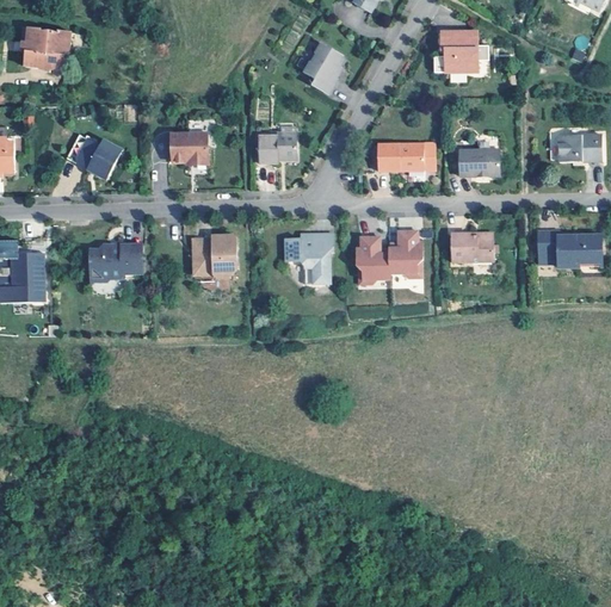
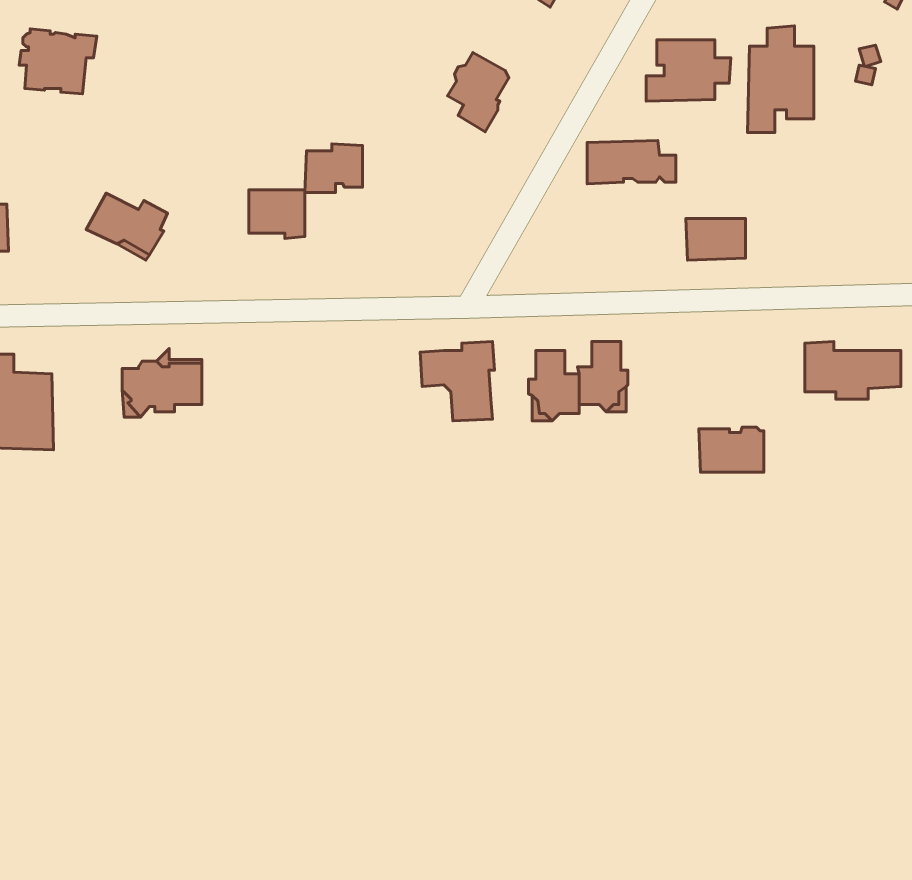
building: none -> [748,26,814,133]
building: [258,130,296,162] -> [305,144,362,193]
building: [551,134,603,162] -> none
building: [377,143,436,172] -> [587,141,676,184]
building: [451,233,494,262] -> [699,427,764,472]
building: [192,236,235,278] -> none

